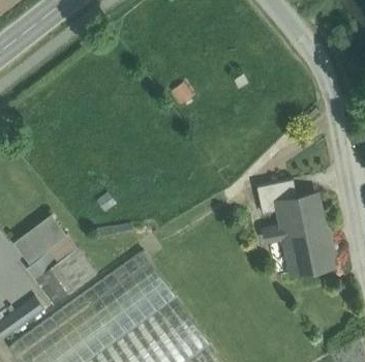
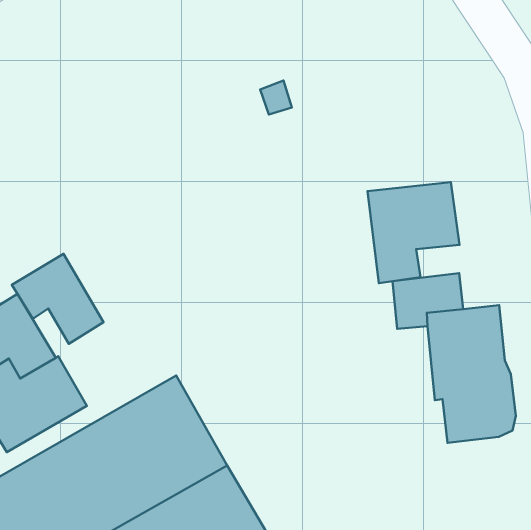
building: none -> [367,182,459,283]
building: none -> [12,254,103,344]

